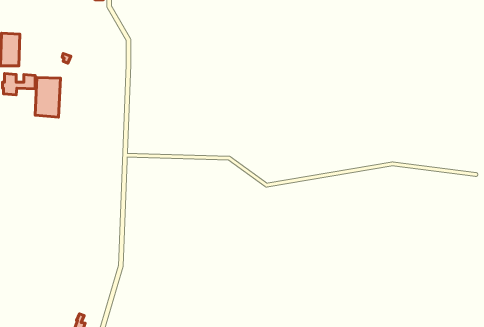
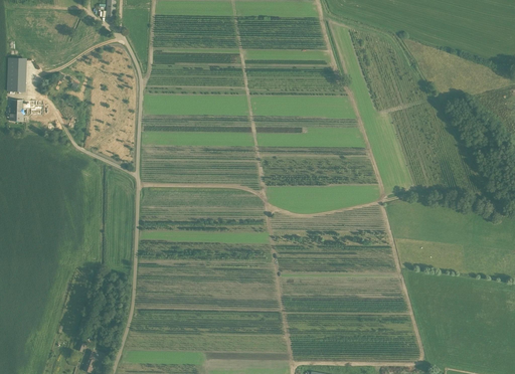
building: [35,77,61,117] -> none

